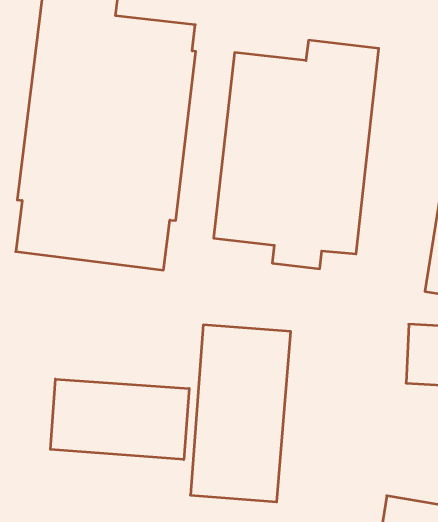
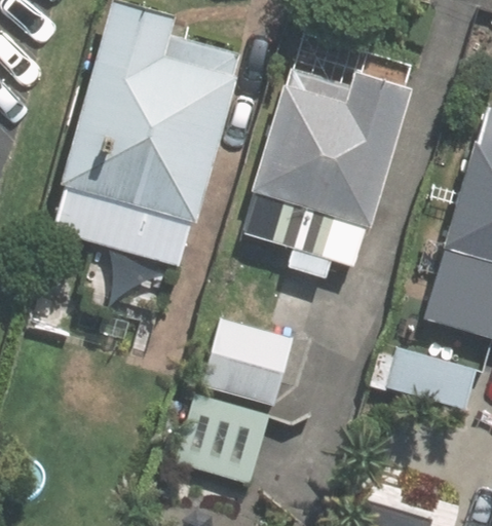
building: [50,379,189,460] -> none

